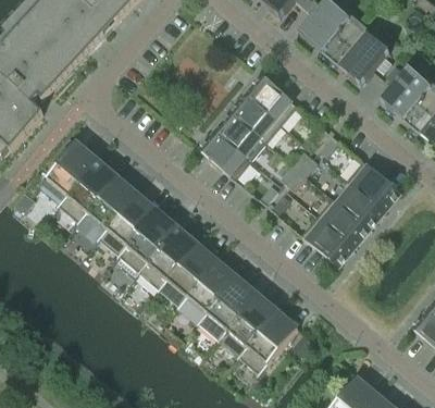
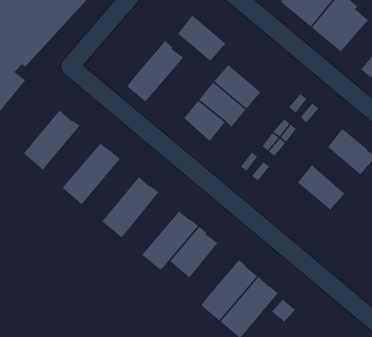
building: [247,76,297,124] -> [177,14,227,62]
building: [59,158,117,221] -> [126,40,184,103]
building: [332,180,381,226] -> none
building: [99,191,157,255] -> none
building: [300,215,350,262] -> none
building: [139,225,197,288] -> none
building: [199,276,258,339] -> none

